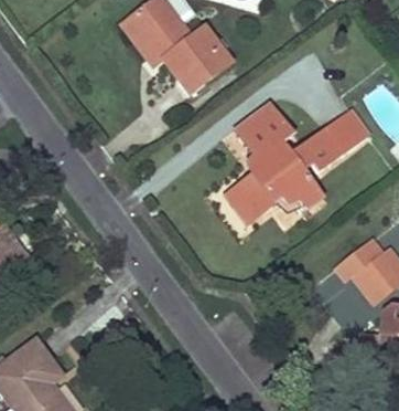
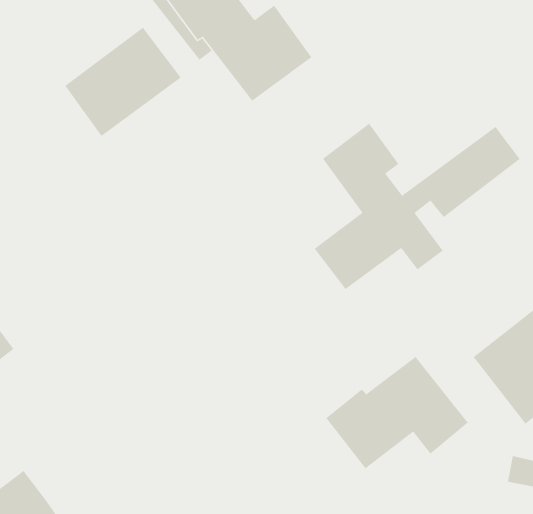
building: none -> [64,27,182,137]
building: none -> [326,356,468,469]

